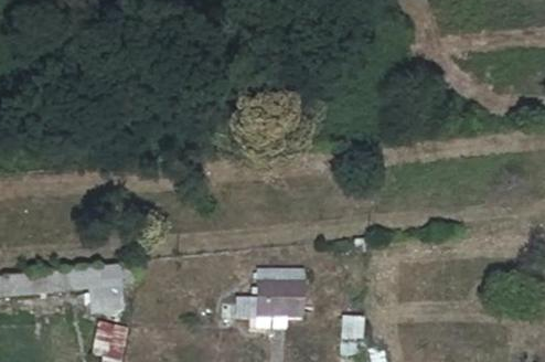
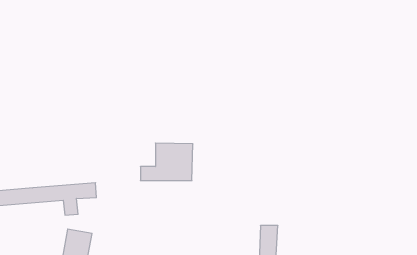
building: [238,268,304,316] -> [140,143,193,181]

